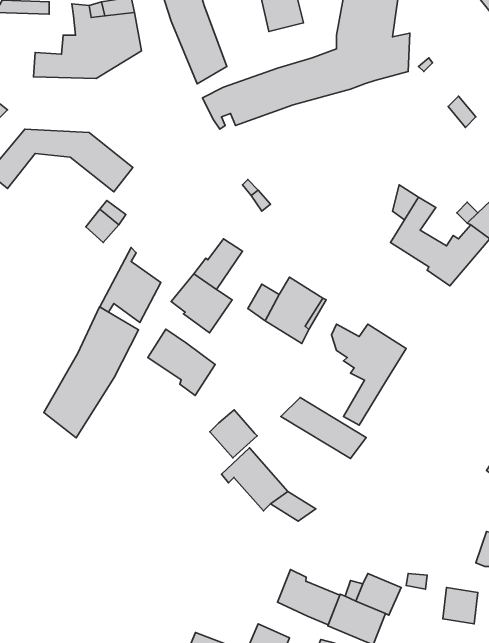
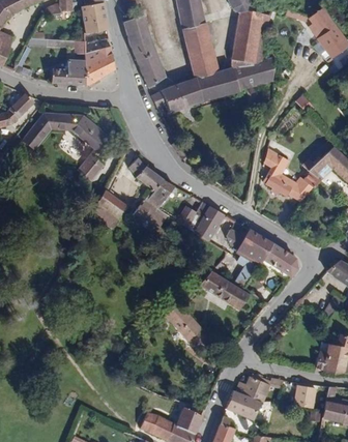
building: none -> [191,51,216,78]
building: none -> [129,157,164,191]
building: [44,307,138,438] -> none
building: [148,329,215,396] -> none
building: none -> [260,244,297,276]
building: [210,410,257,458] -> none
building: [277,569,340,625] -> none

